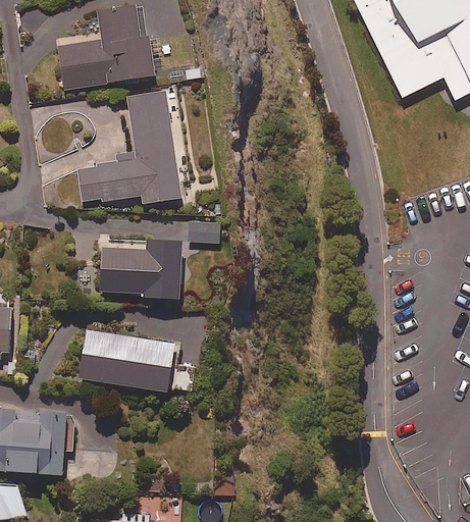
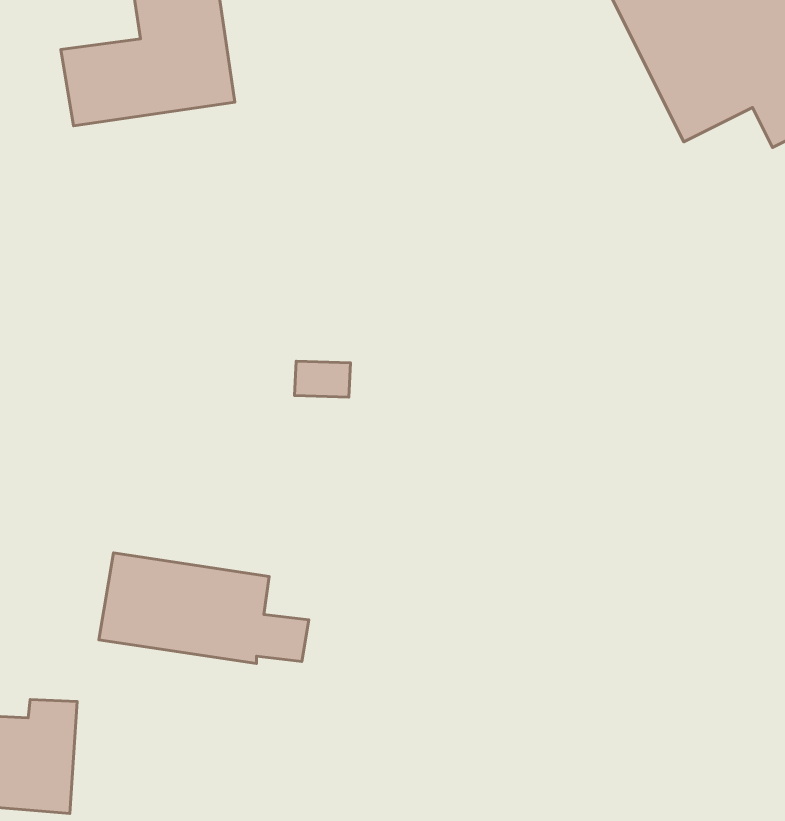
building: [77,91,182,203] -> none
building: [98,240,181,299] -> none

